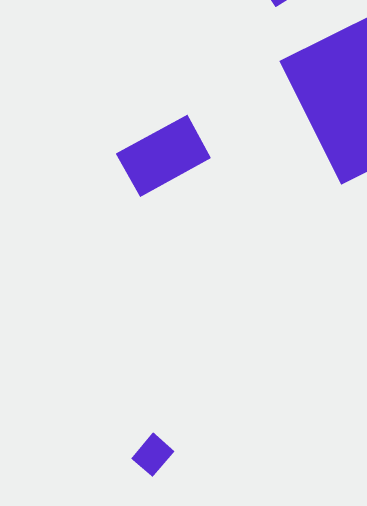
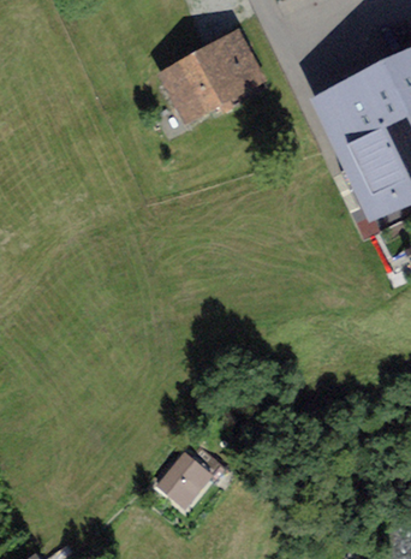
building: [115,114,212,198] -> [162,43,260,127]

